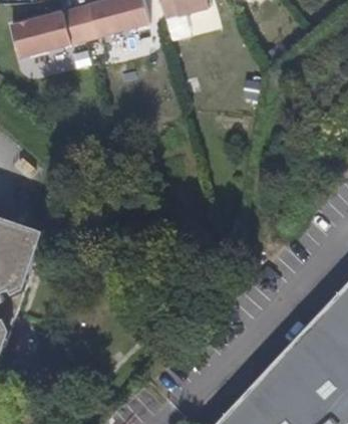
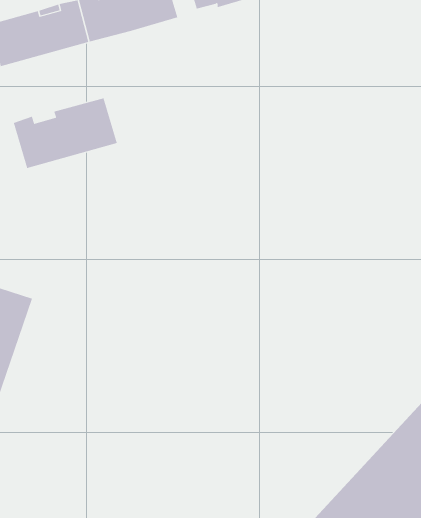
building: none -> [13,97,118,169]

